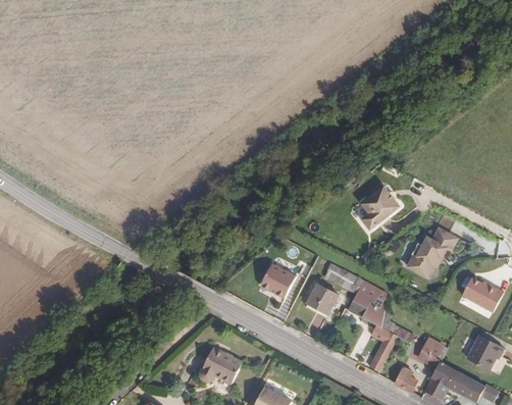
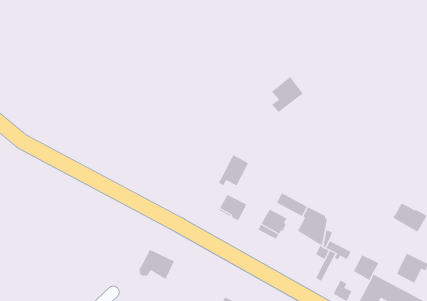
building: [361,186,399,229] -> [271,76,304,113]
building: none -> [218,155,249,186]
building: [407,227,456,276] -> none
building: [200,349,242,385] -> [139,249,175,280]

